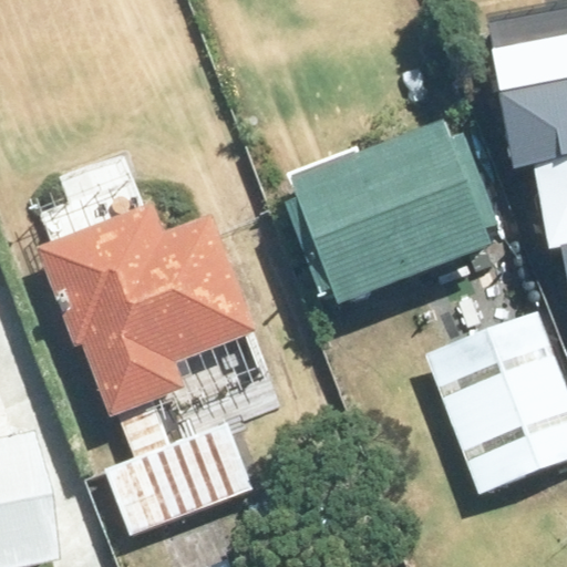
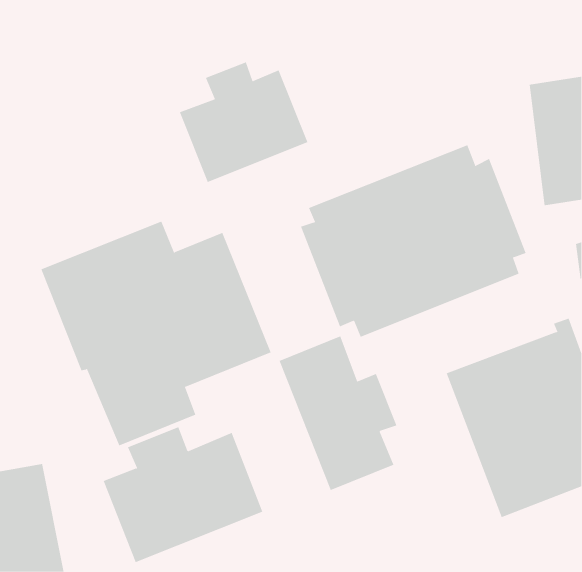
building: none -> [179,61,308,183]
building: none -> [279,336,397,491]

